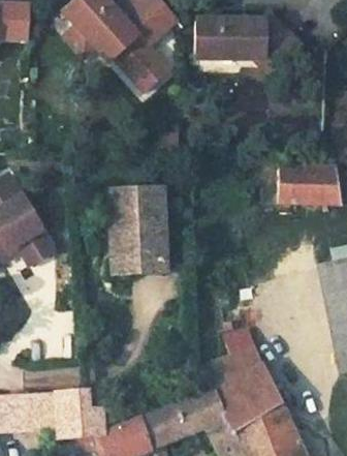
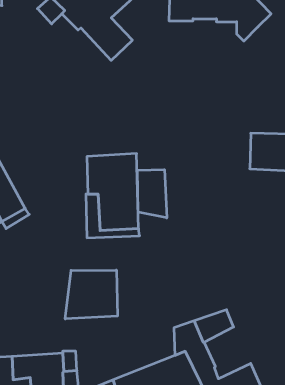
building: none -> [137,170,167,218]
building: none -> [65,270,117,319]
building: [233,364,281,417] -> none

